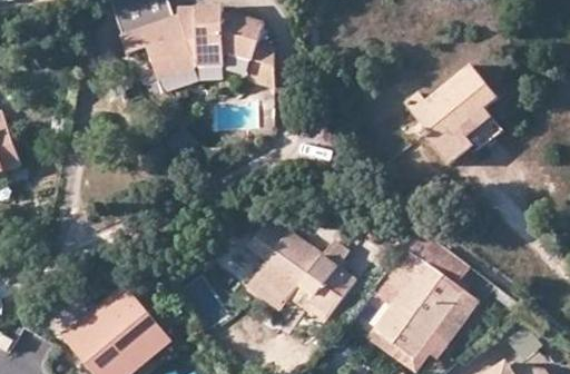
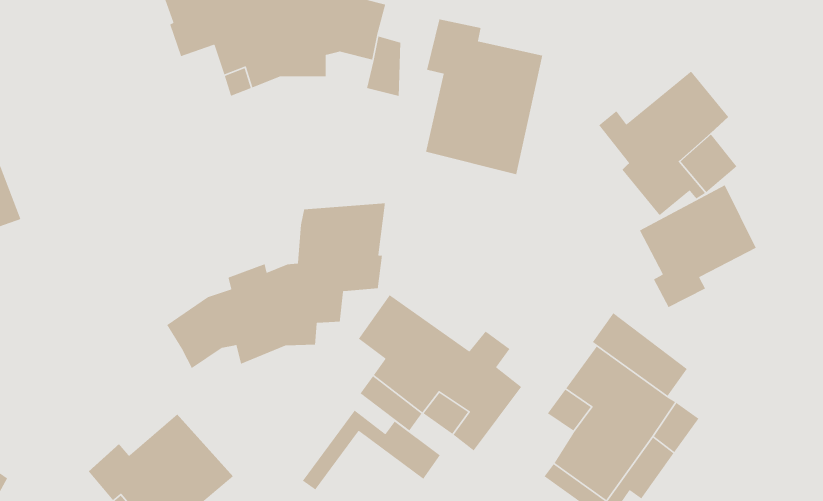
building: none -> [425,19,543,175]
building: none -> [639,184,757,308]
building: none -> [166,202,386,369]
building: none -> [302,410,441,490]

